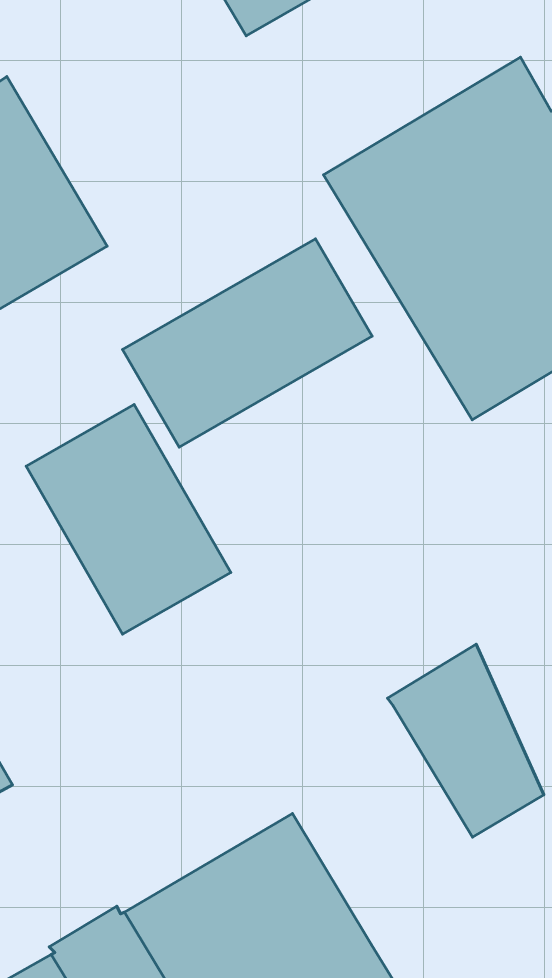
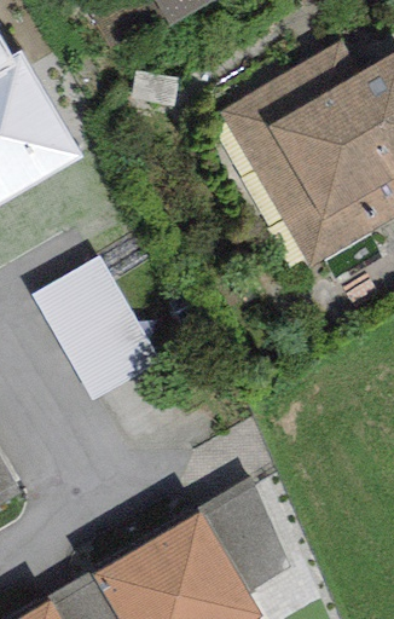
building: [123,239,372,447] -> none
building: [387,644,544,837] -> [193,474,291,595]

